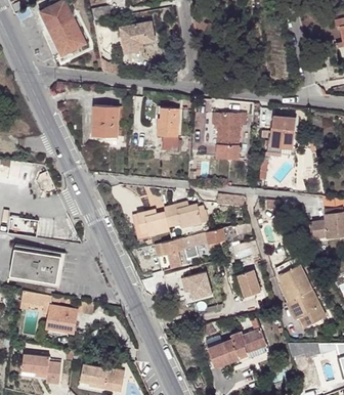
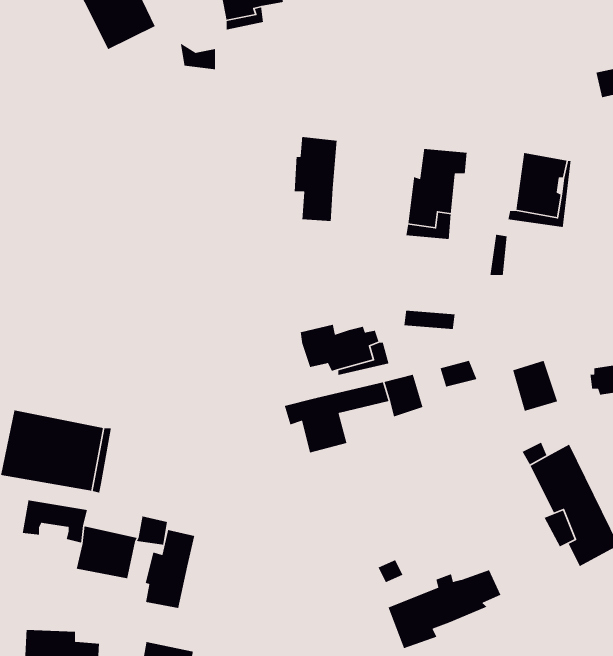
building: [92,104,119,135] -> none
building: [128,211,168,237] -> none
building: [238,269,261,296] -> [512,360,558,412]
building: [192,272,218,299] -> none
building: none -> [145,529,195,609]

